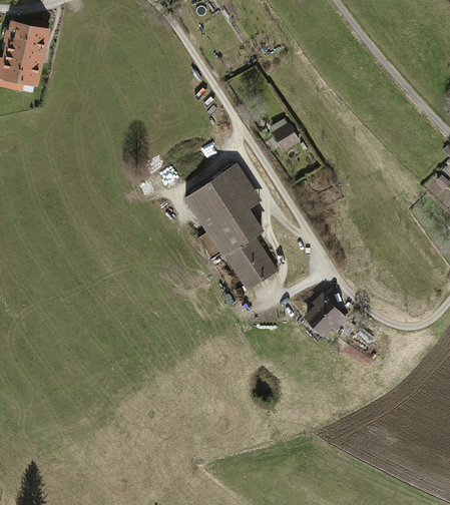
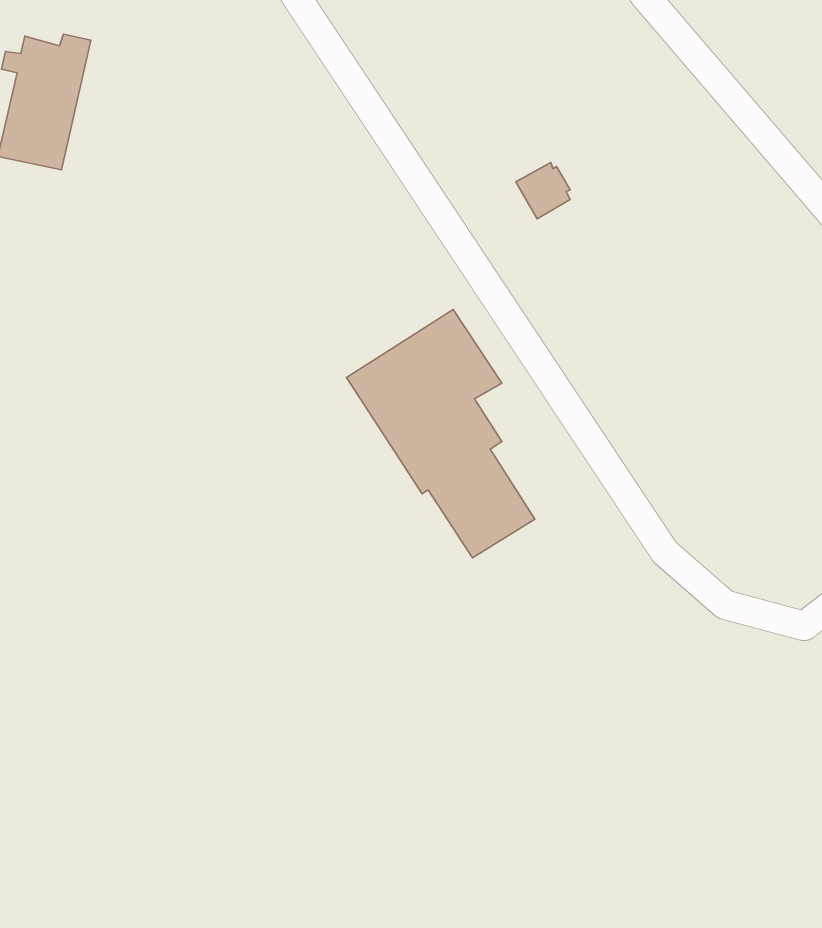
building: [271,122,299,151] -> [516,163,570,219]
building: [308,298,342,331] -> none

